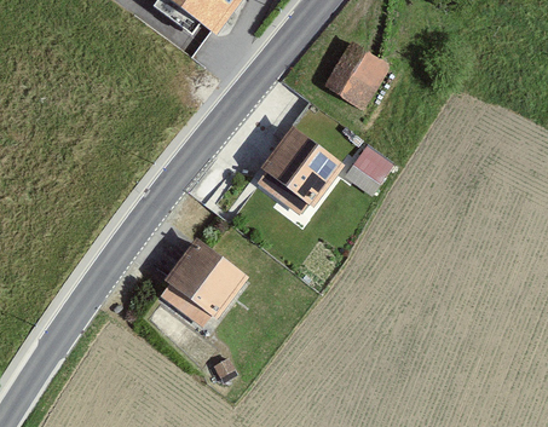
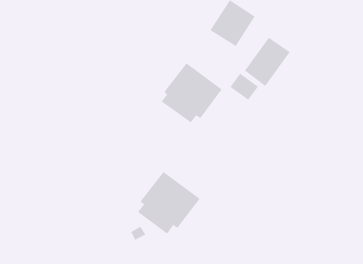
building: none -> [244,37,291,87]
building: [158,238,247,327] -> [137,171,200,235]

